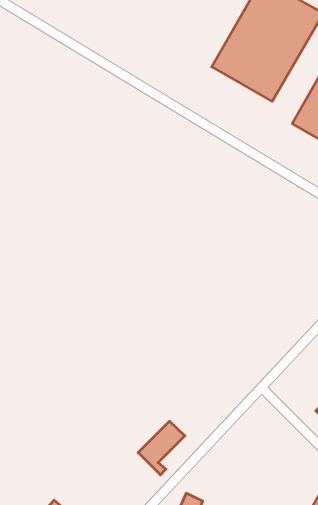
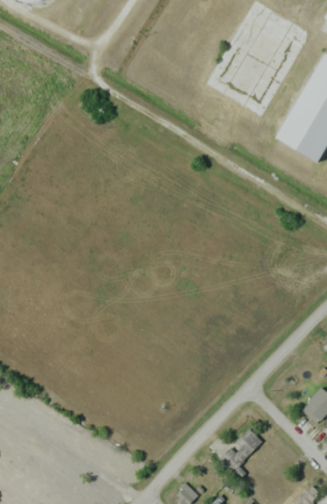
building: [138,421,185,475] -> [218,424,262,474]

